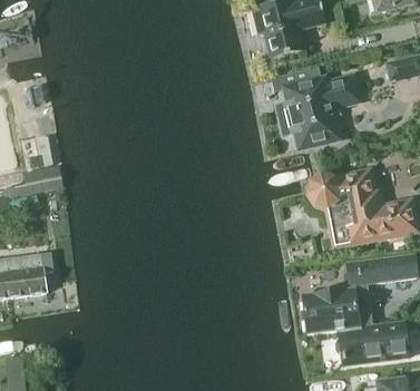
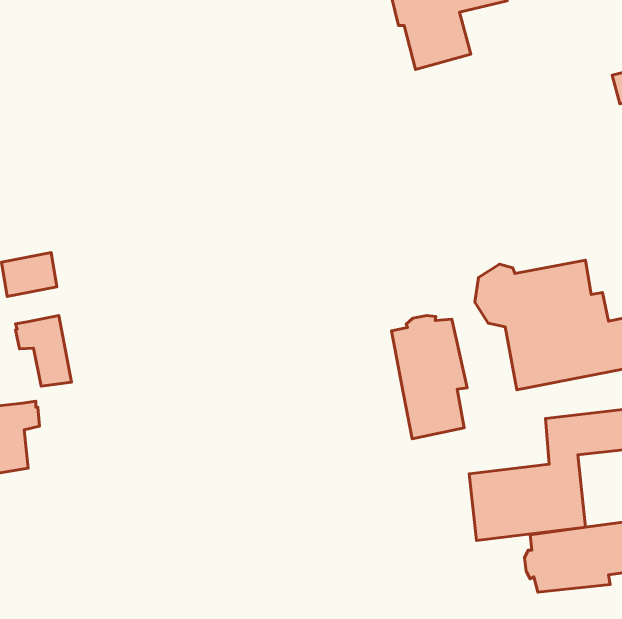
building: [270,66,359,146] -> none
building: none -> [392,315,467,439]
building: none -> [16,315,72,386]

